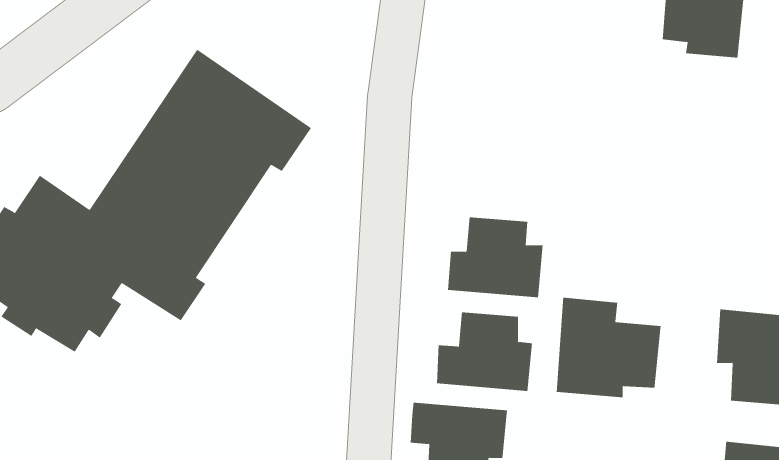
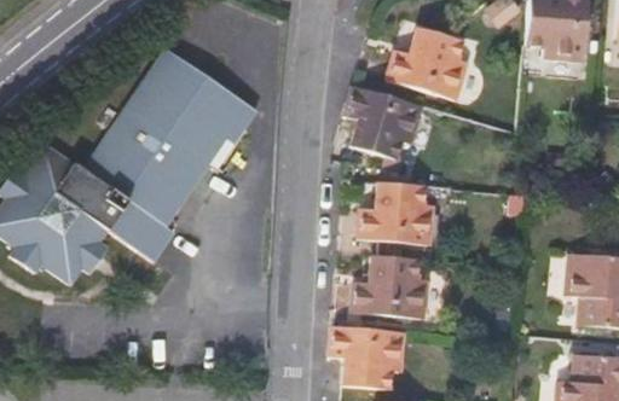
building: none -> [384,28,465,99]
building: none -> [345,83,424,157]
building: [556,297,661,398] -> none

